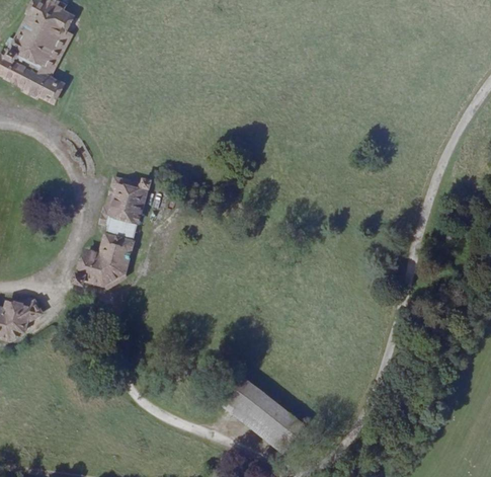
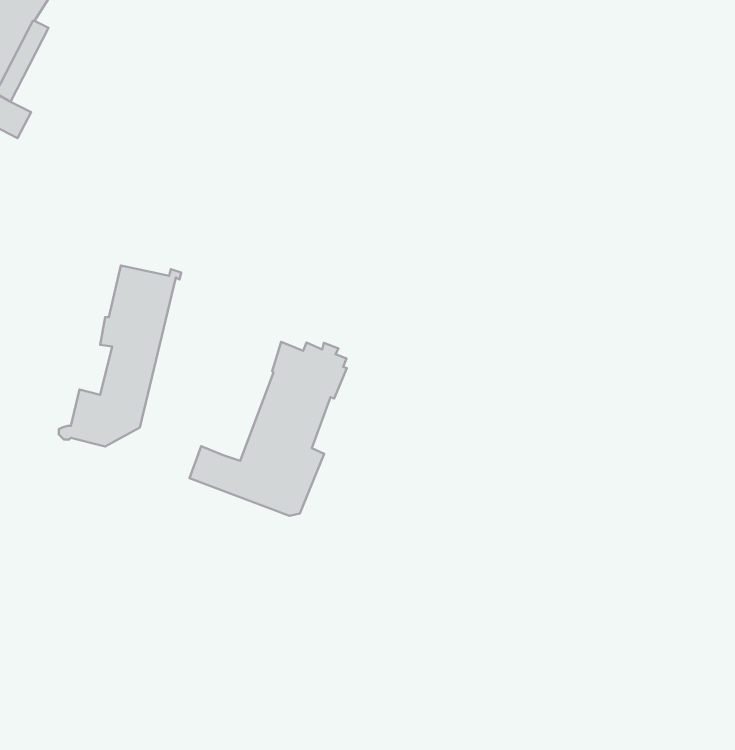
building: none -> [190,342,347,516]
building: [221,376,306,446] -> none

